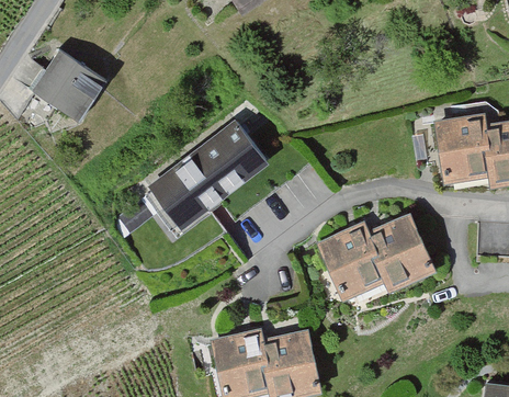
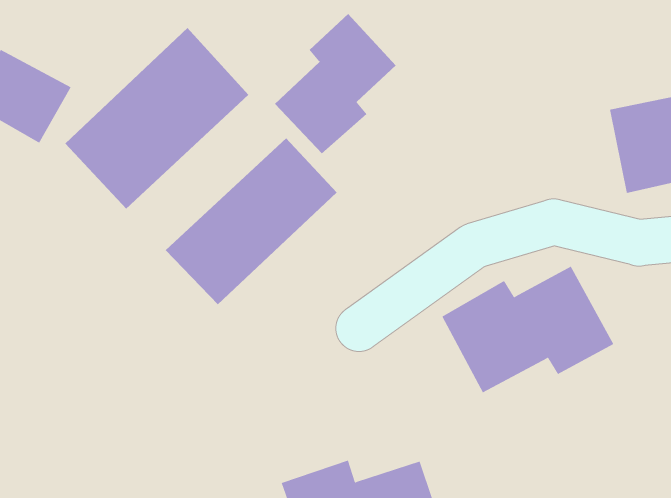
building: none -> [274,13,396,154]
building: none -> [65,27,249,210]

